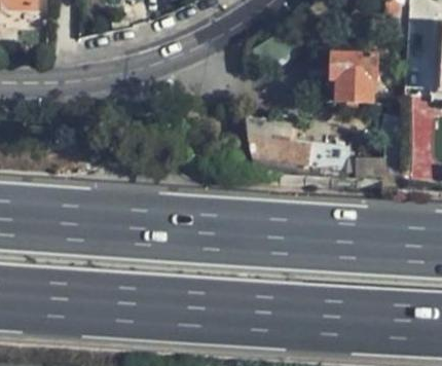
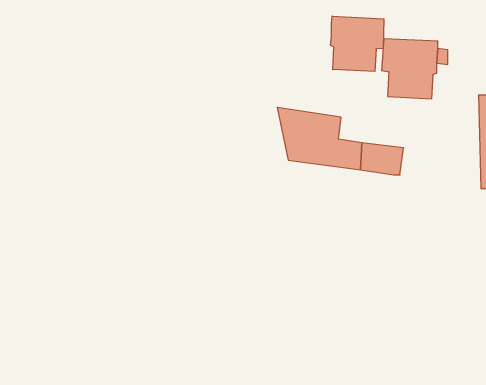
building: none -> [330,16,384,71]

